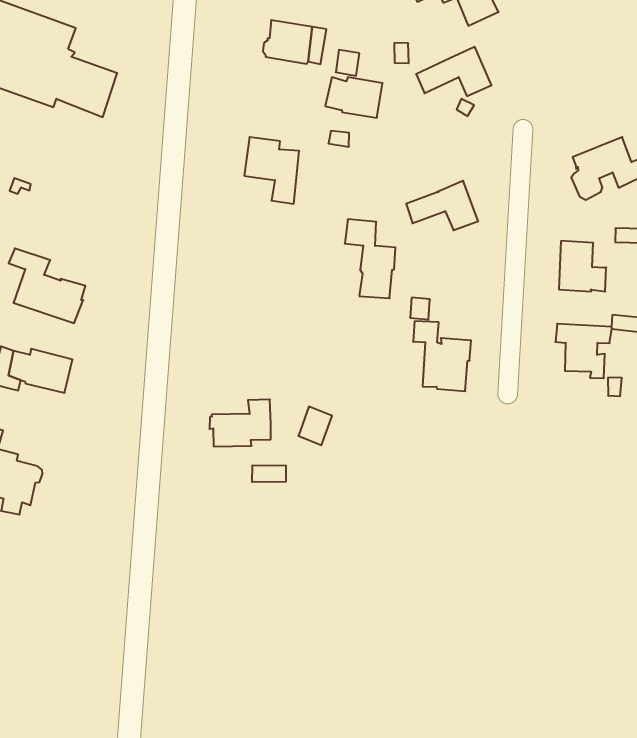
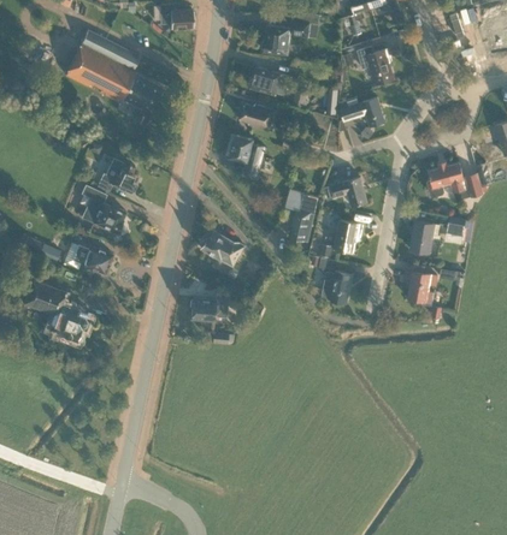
building: [325,77,383,118] -> [238,102,275,130]
building: none -> [96,157,135,192]
building: none -> [334,219,362,252]
building: none -> [200,230,243,266]

